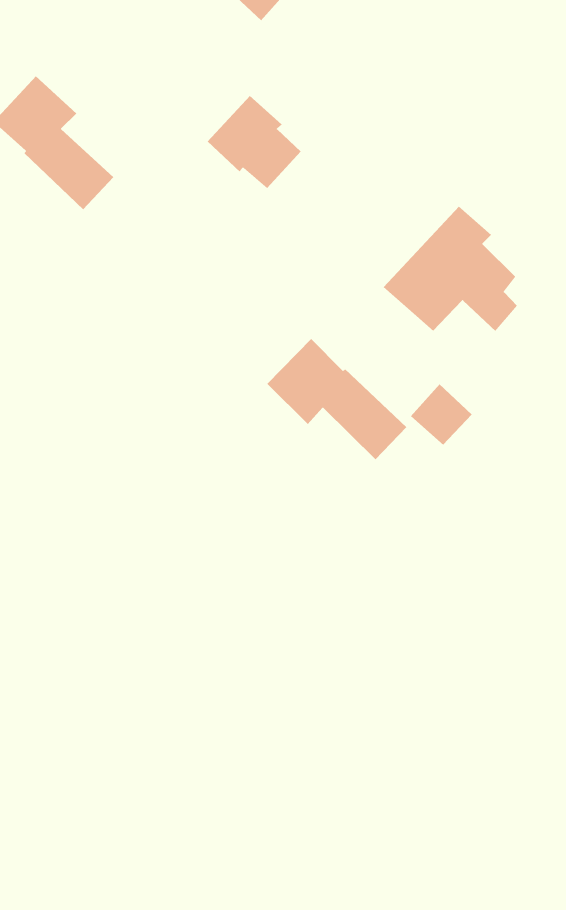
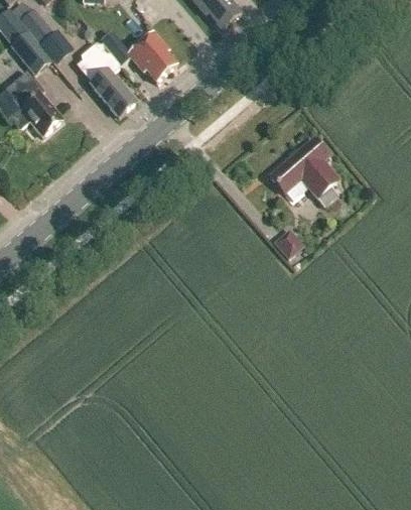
building: [207,95,302,189] -> [126,29,174,79]
building: [267,338,407,460] -> none

